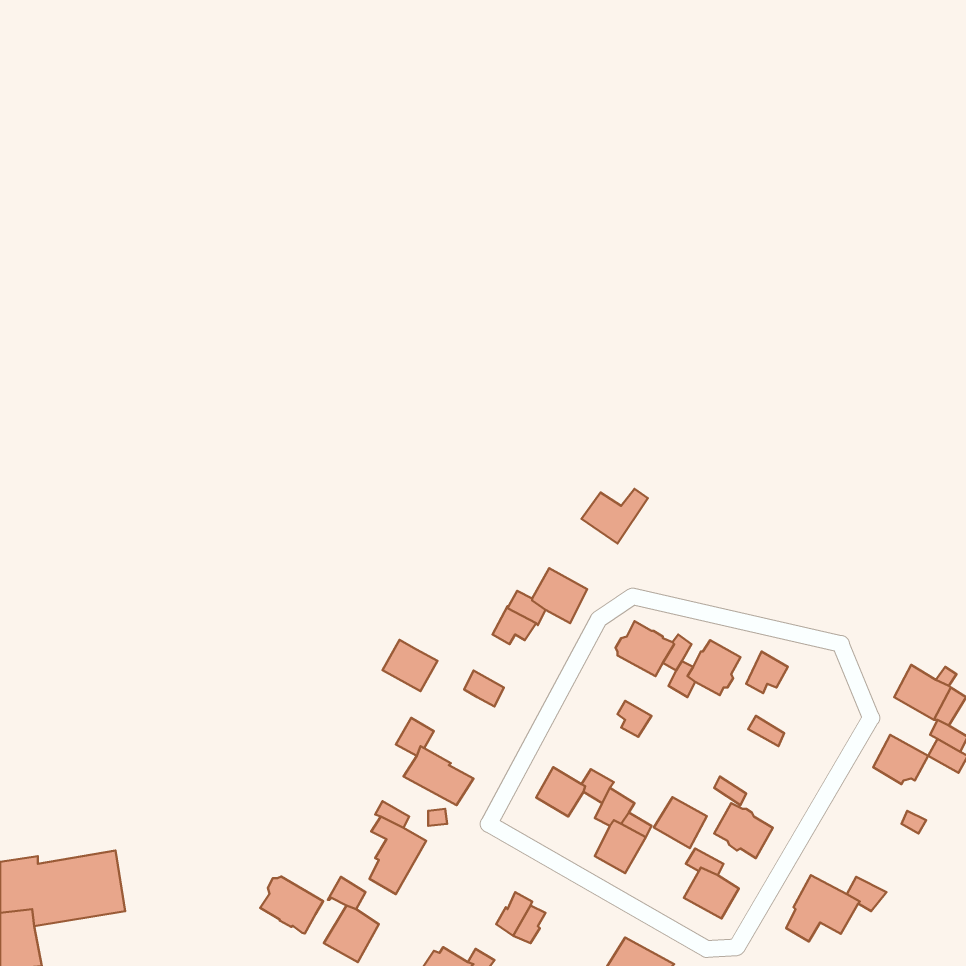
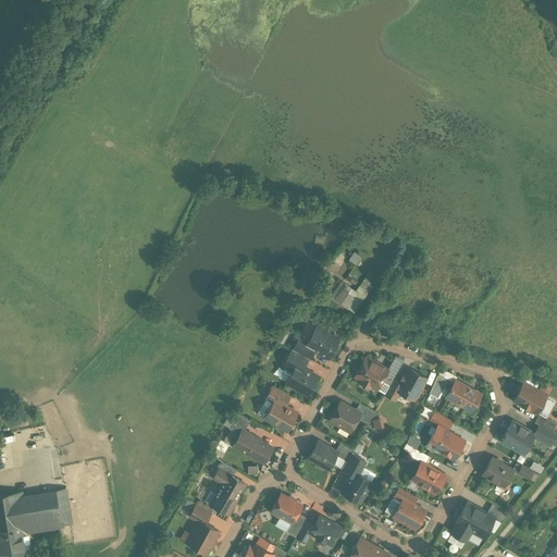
building: none -> [287,366,318,395]
building: [383,640,437,691] -> [265,401,297,431]
building: none -> [447,381,481,409]
building: none -> [331,403,360,432]
building: [654,797,707,848] -> [434,431,465,460]
building: none -> [483,459,513,486]
building: none -> [272,495,301,523]
building: [260,876,323,934] -> none
building: none -> [310,517,341,545]

